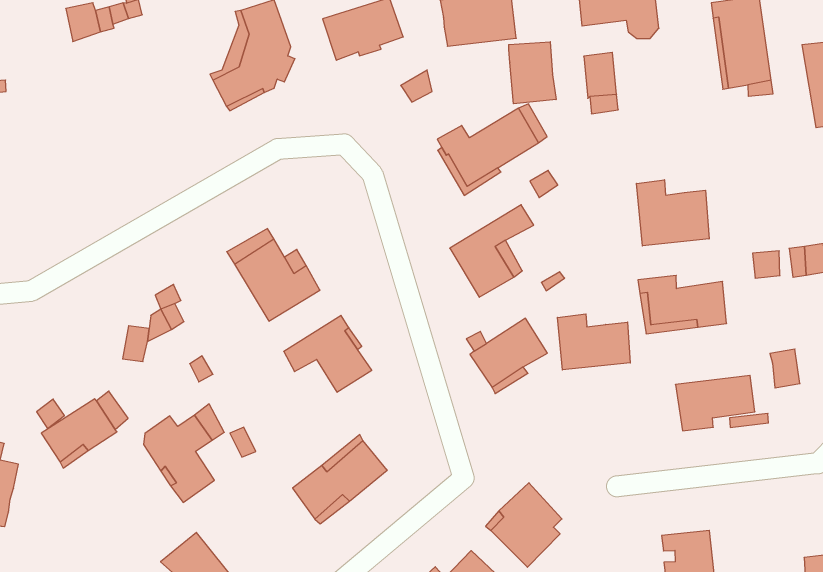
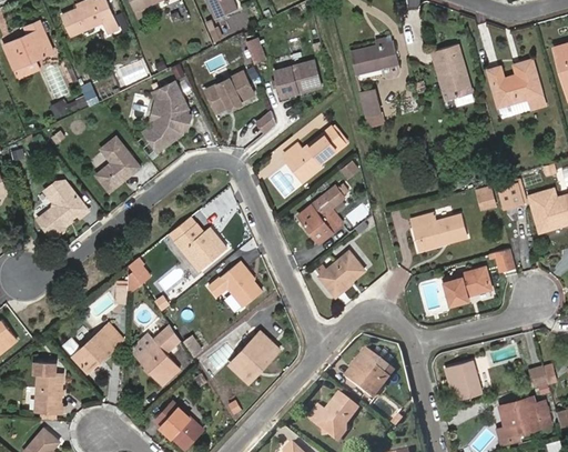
building: [509,42,556,104] -> none
building: none -> [95,137,140,193]
building: none -> [37,181,88,238]
building: [636,180,709,246] -> none
building: [557,314,630,370] -> none

